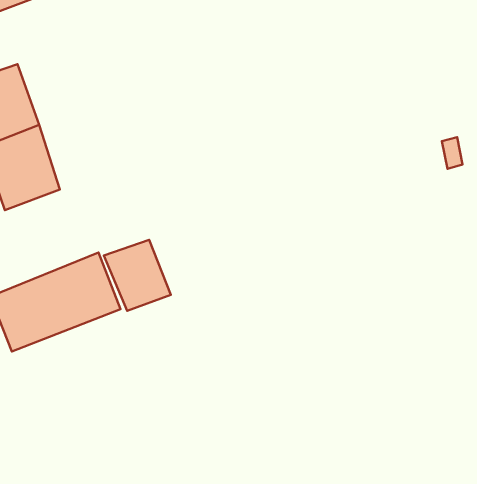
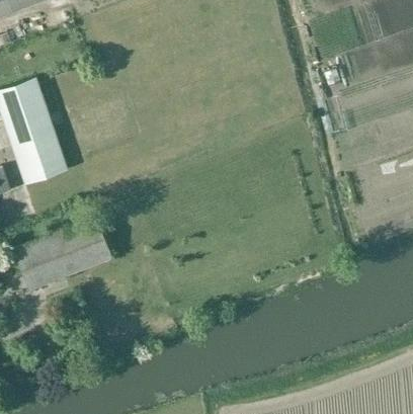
building: [104,240,171,311] -> none

